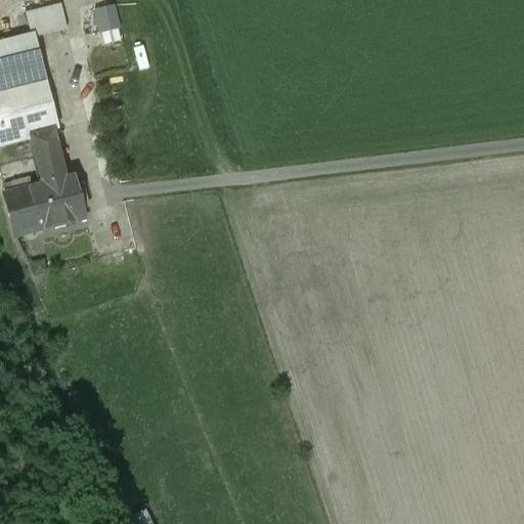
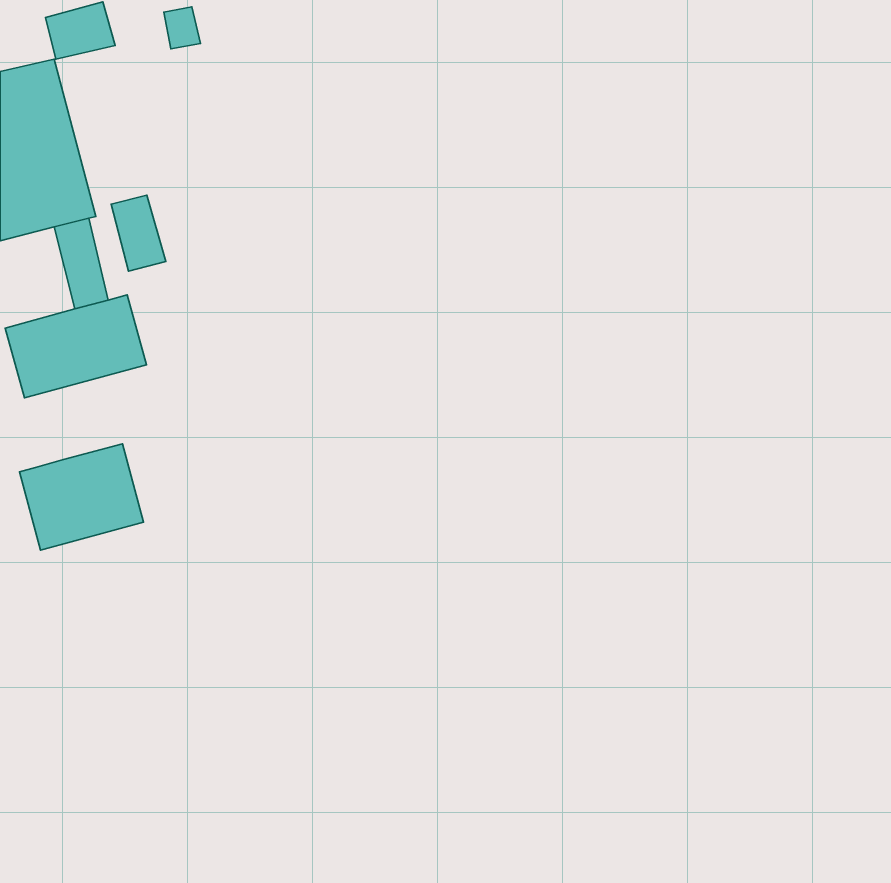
building: none -> [111,195,166,271]
building: none -> [19,444,144,550]

